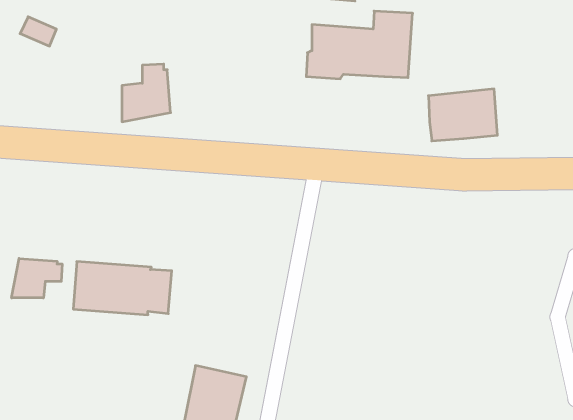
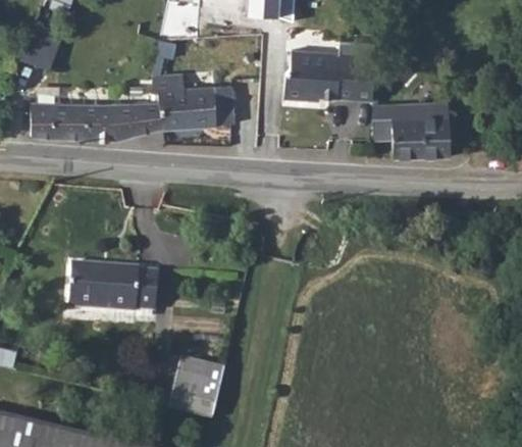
building: none -> [151,71,228,129]
building: none -> [25,96,113,140]
building: [12,258,62,298] -> none

